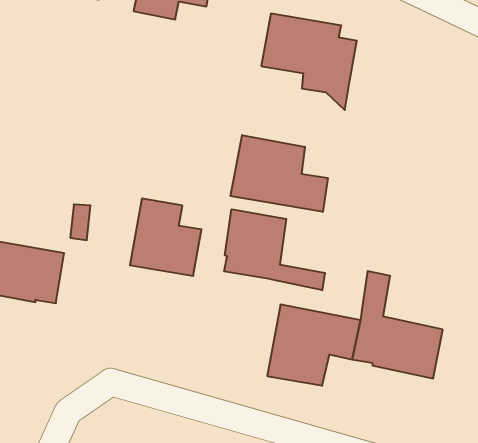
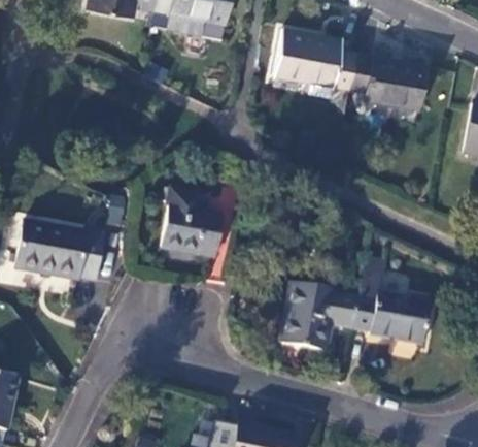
building: none -> [350,56,428,109]
building: [231,135,328,212] -> none
building: [224,209,325,290] -> none

